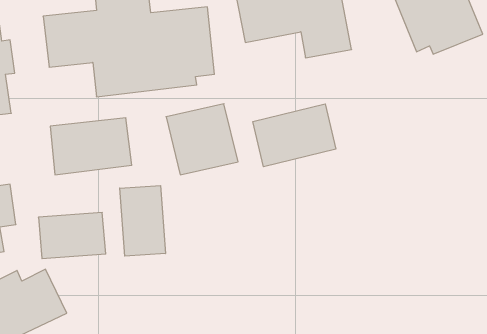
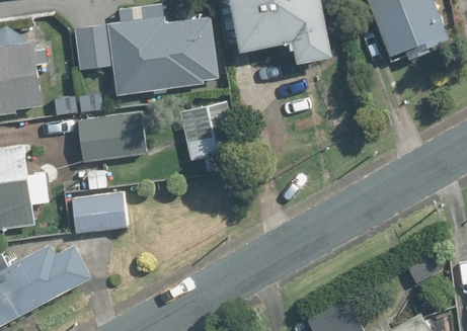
building: [253,104,336,167] -> none
building: [120,186,165,256] -> none

